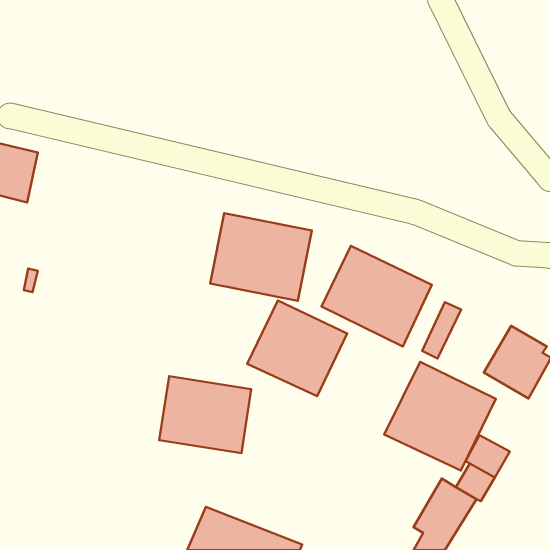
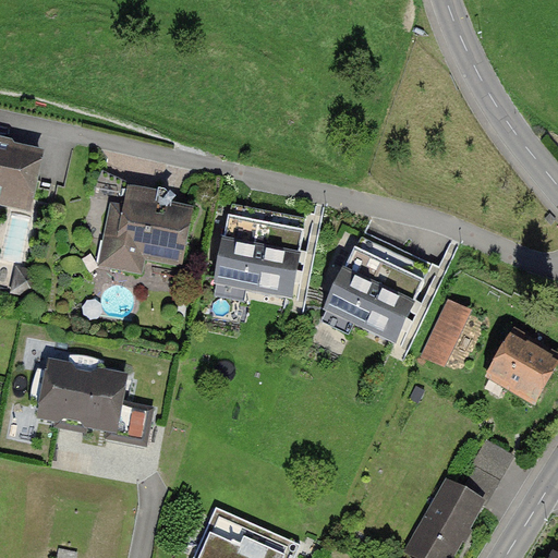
building: none -> [74,172,189,270]
building: [247,300,347,396] -> none
building: [384,362,496,471] -> none
building: [159,376,251,453] -> [36,360,129,437]

